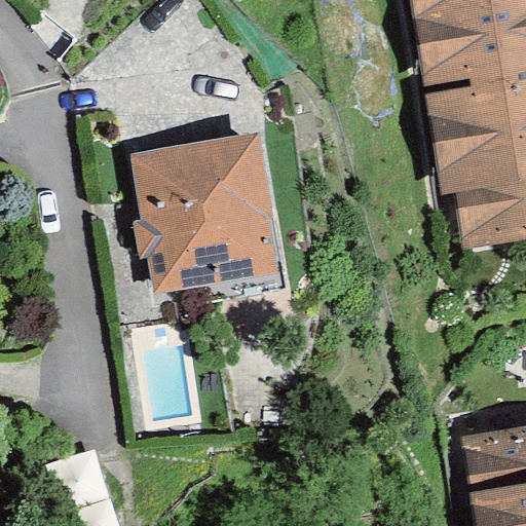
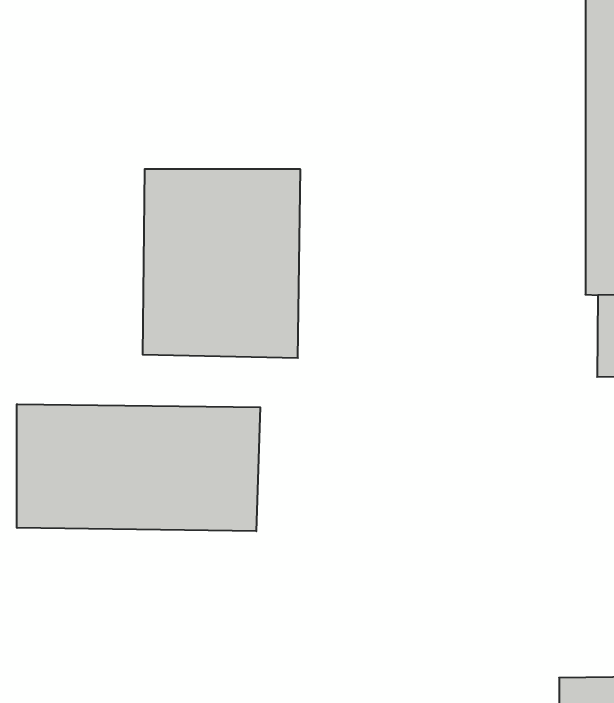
building: none -> [17,404,260,531]

